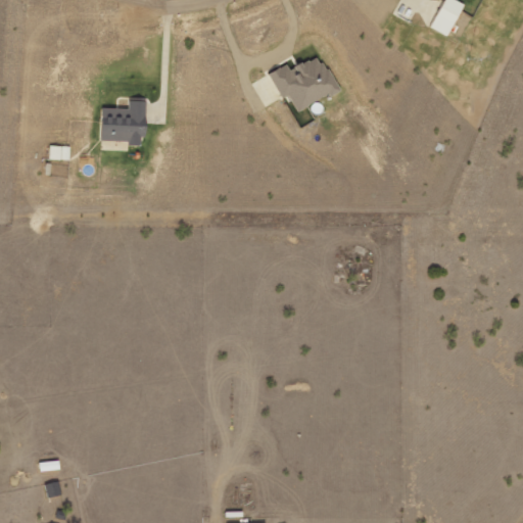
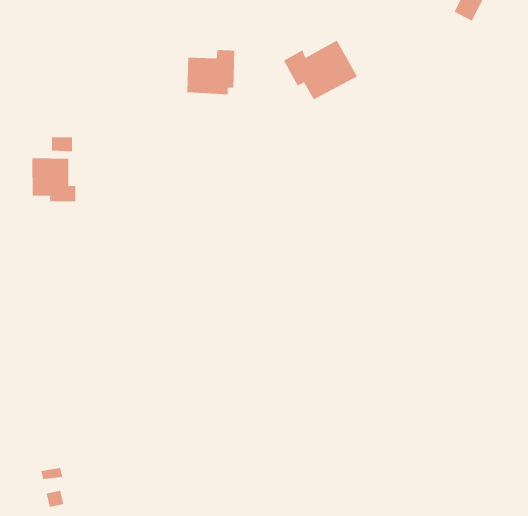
building: [101,100,147,143] -> [187,49,235,95]
building: none -> [32,158,76,202]

